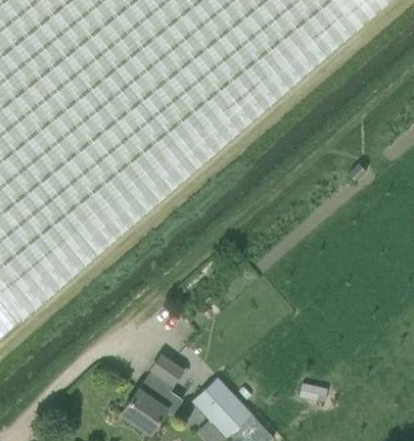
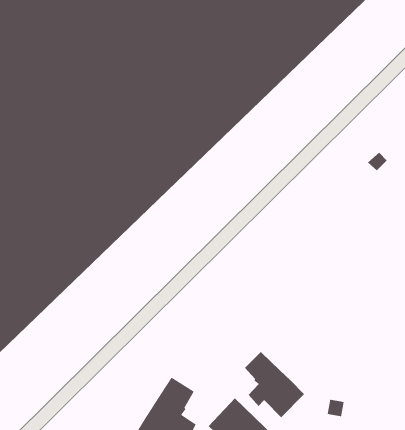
building: none -> [244,351,305,418]

